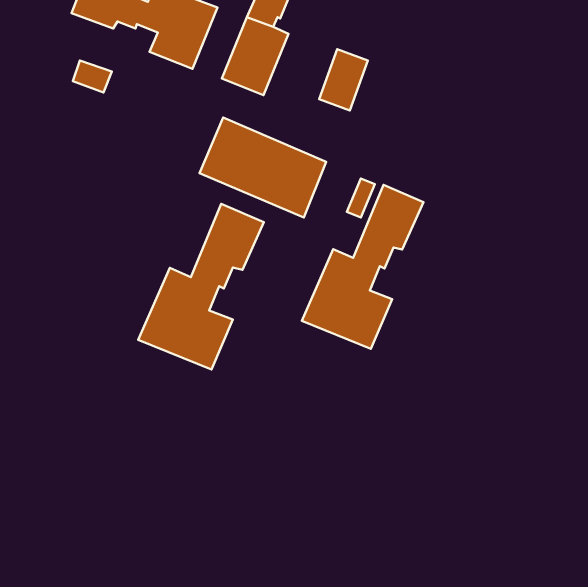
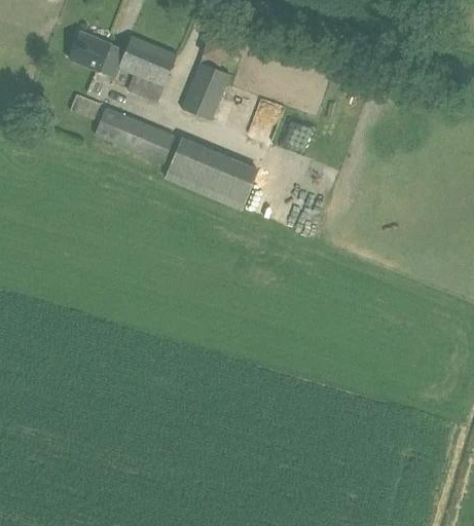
building: none -> [94,106,174,163]
building: [302,185,424,349] -> none
building: [138,204,264,369] -> none

